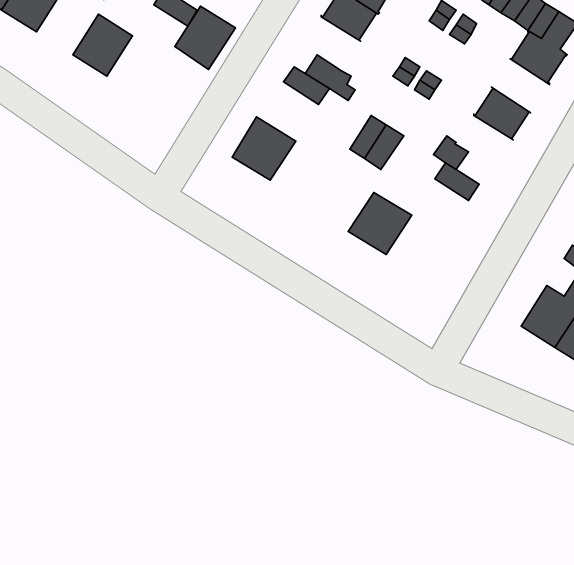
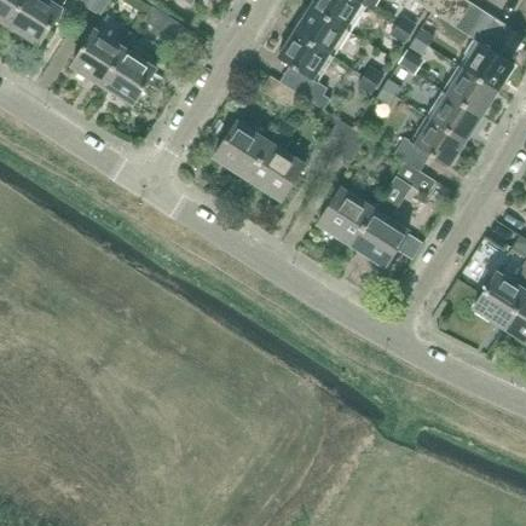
building: [175,6,236,70] -> [102,48,156,105]
building: none -> [277,31,329,80]
building: none -> [446,69,498,117]
building: none -> [414,120,466,167]
building: none -> [248,131,305,200]
building: none -> [352,202,407,266]

